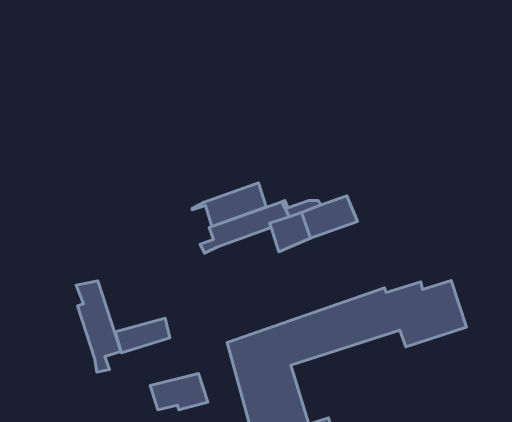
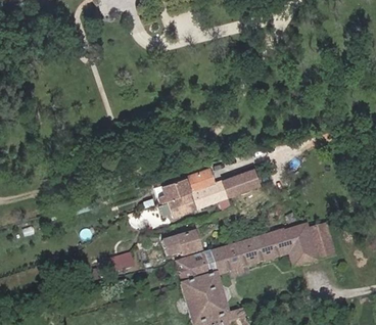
building: [192,183,266,227] -> [159,186,209,216]
building: [76,281,121,372] -> none
building: [150,373,208,410] -> [161,231,200,256]

